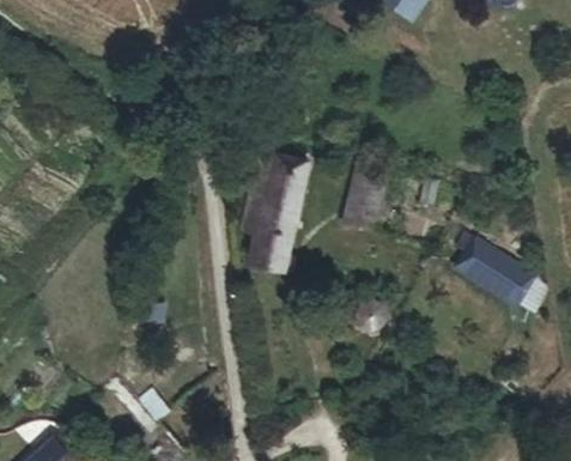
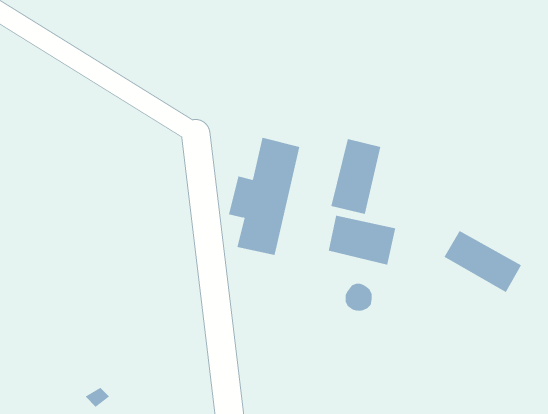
building: none -> [328,215,396,265]

